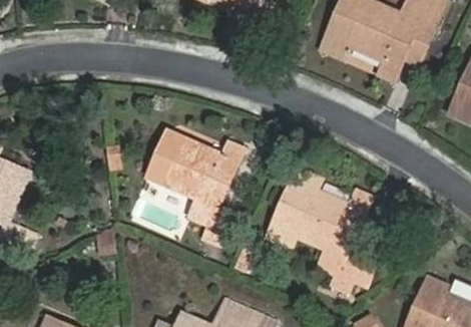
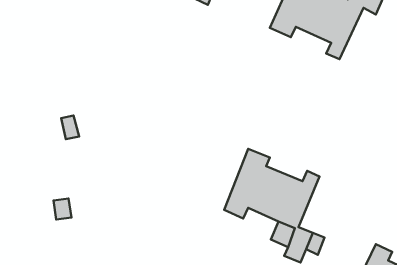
building: [151,134,243,244] -> none

